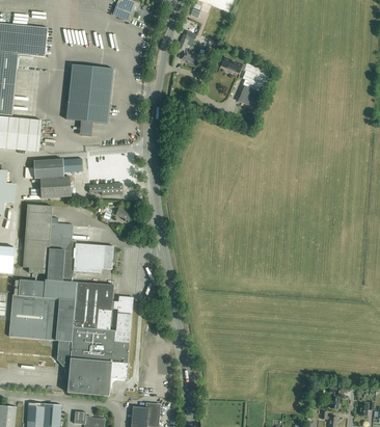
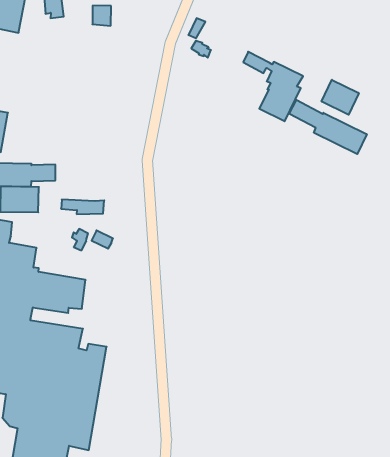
building: [66,64,113,124] -> none
building: none -> [322,80,359,115]
building: none -> [289,100,367,154]

